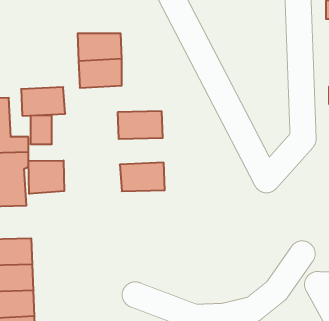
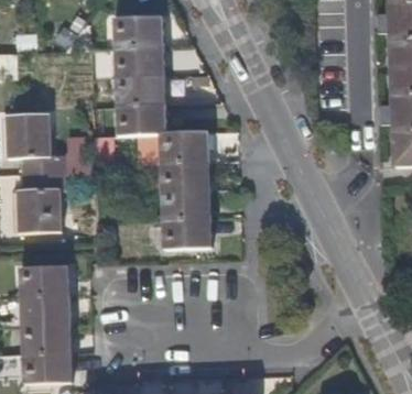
building: none -> [116,20,163,47]
building: [21,87,65,116] -> [119,103,166,134]
building: none -> [161,160,209,188]
building: [28,160,64,194] -> none
building: none -> [163,216,212,245]

